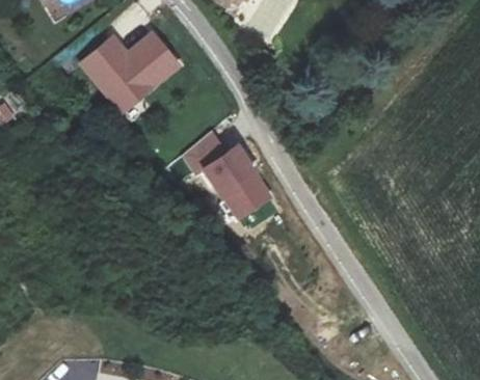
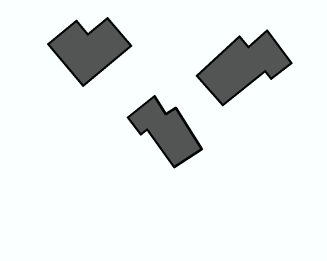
building: none -> [197,30,291,105]

